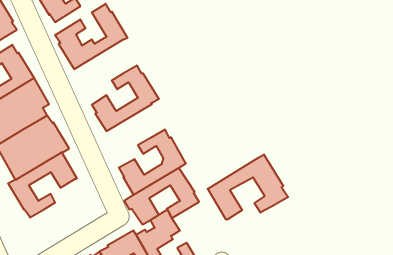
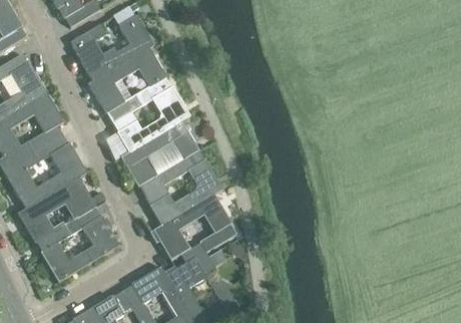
building: none -> [88,47,166,122]
building: none -> [120,121,198,195]
building: [208,154,288,220] -> none
building: none -> [40,207,119,282]

